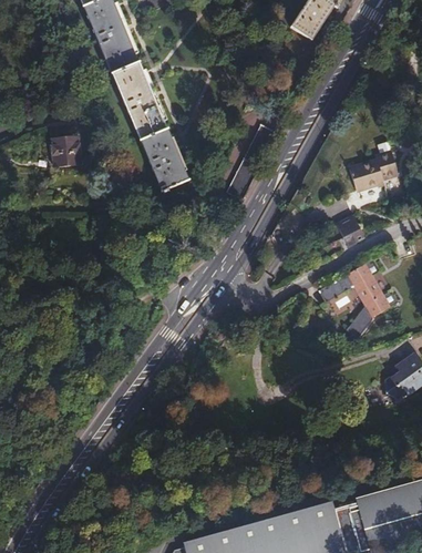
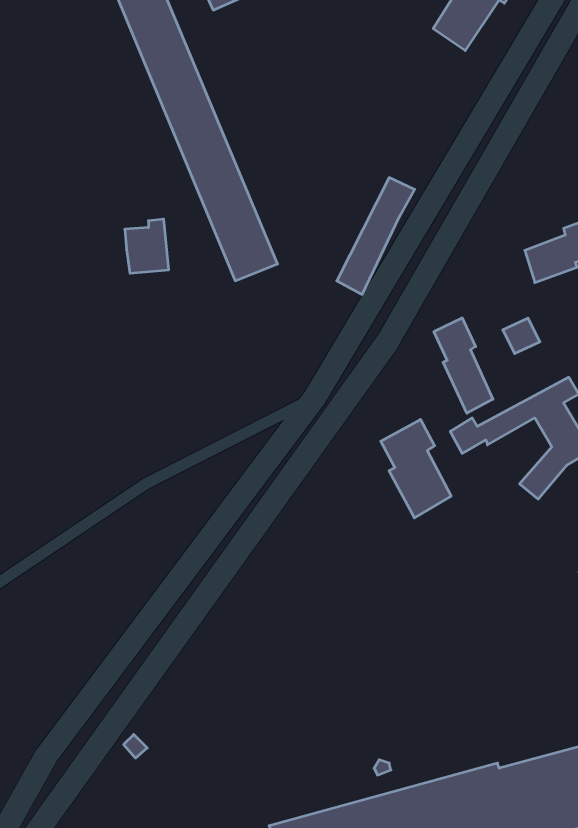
building: [50,130,79,165] -> [125,219,169,273]
building: none -> [434,318,493,413]
building: none -> [381,419,451,518]

